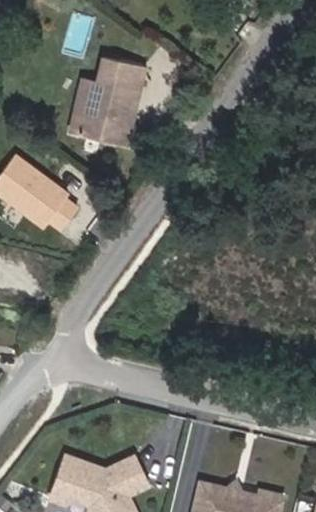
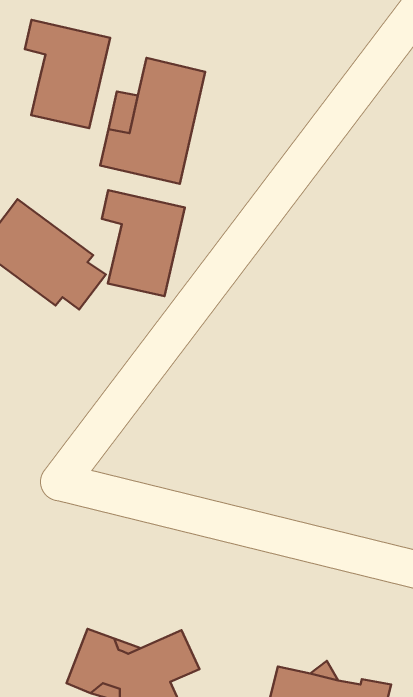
building: none -> [25,20,110,128]
building: none -> [102,190,185,296]

